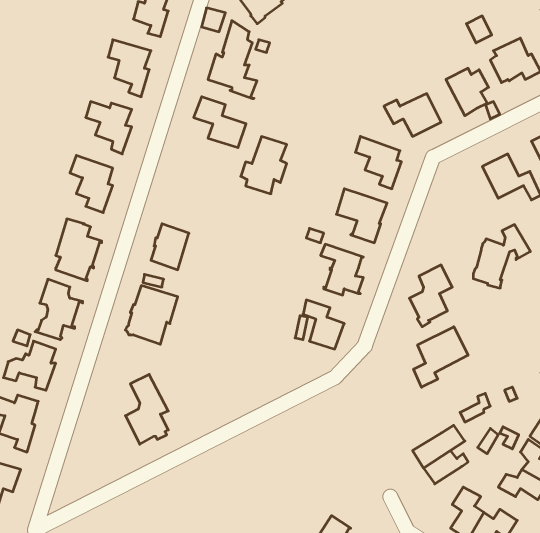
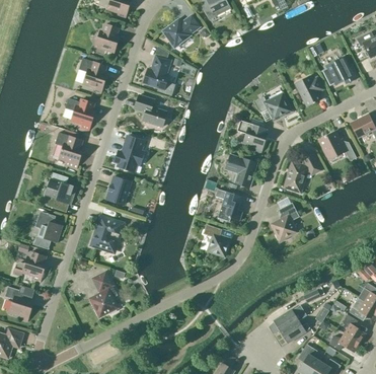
building: [241,137,287,194] -> [115,135,144,171]
building: [473,225,530,288] -> [284,152,320,193]
building: [414,327,468,387] -> none

